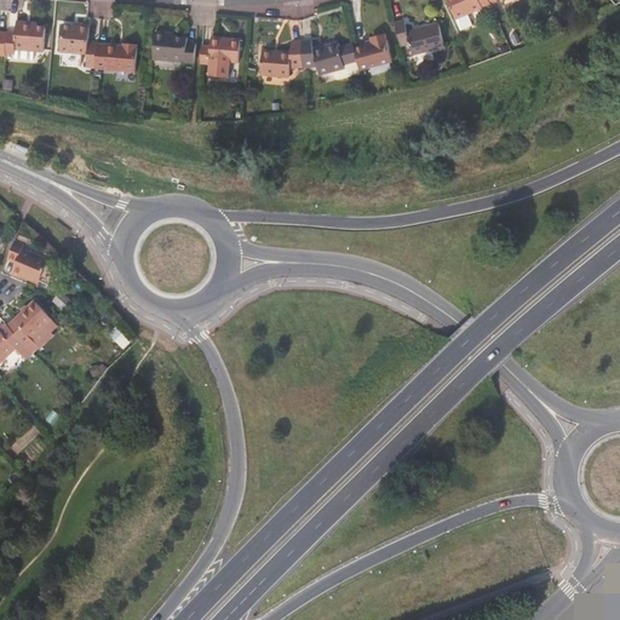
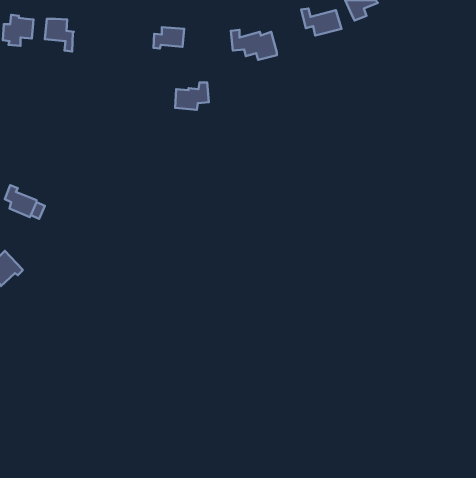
building: [151,31,194,62] -> none
building: [352,35,391,73] -> none
building: [258,40,302,75] -> [175,83,209,110]
building: [93,42,137,70] -> none
building: [6,300,50,349] -> none

